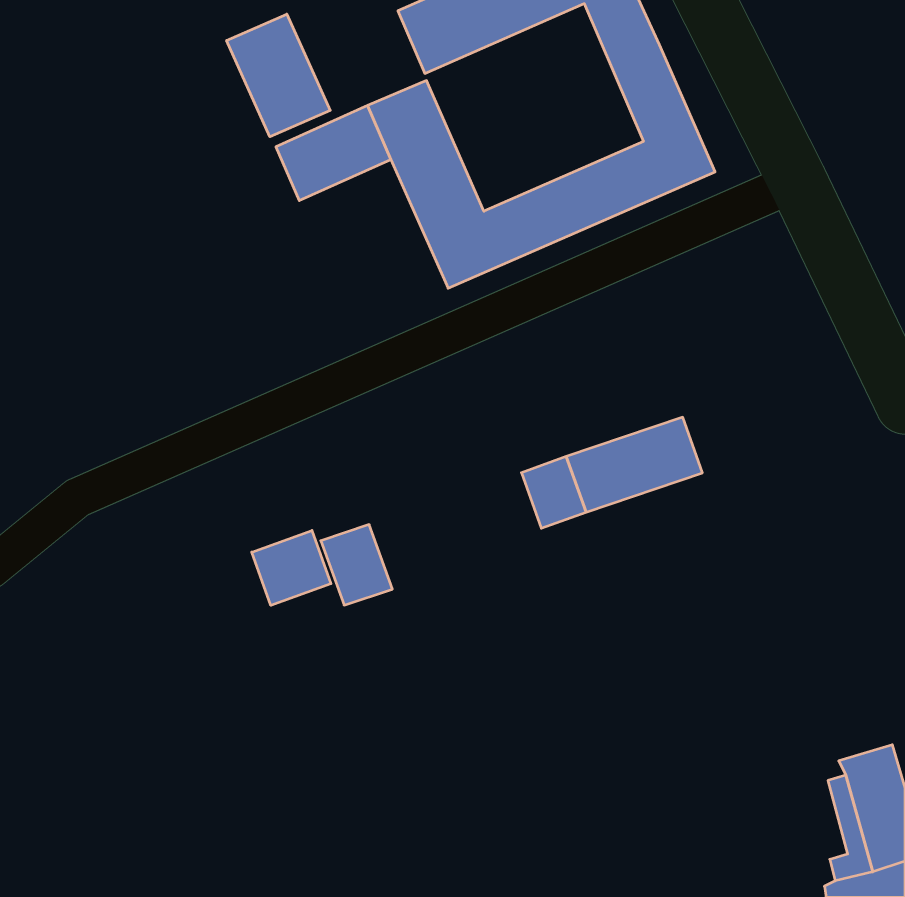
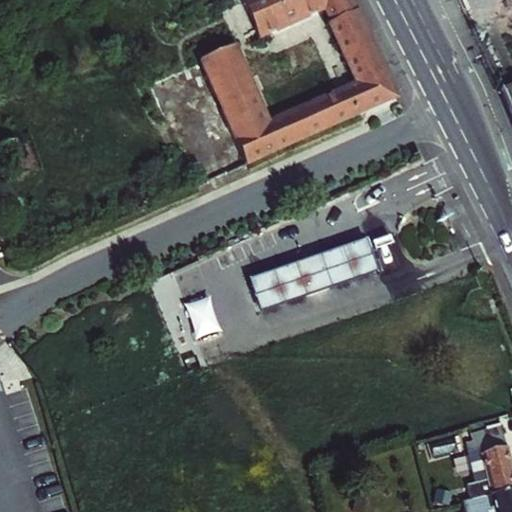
building: [227,14,330,137] -> none
building: none -> [248,264,302,310]
building: [252,530,331,605] -> none

